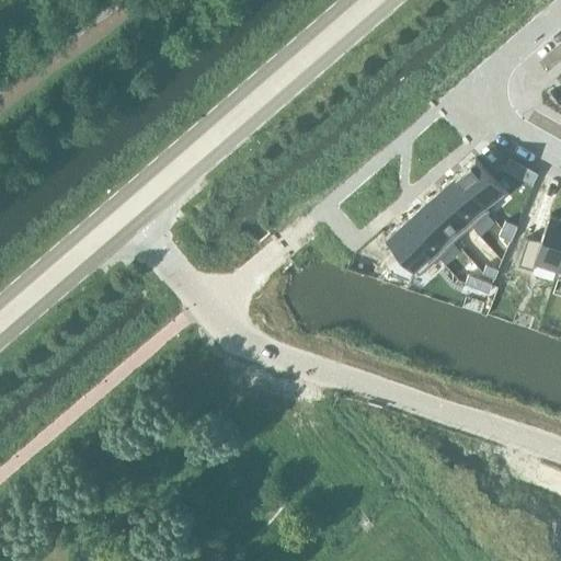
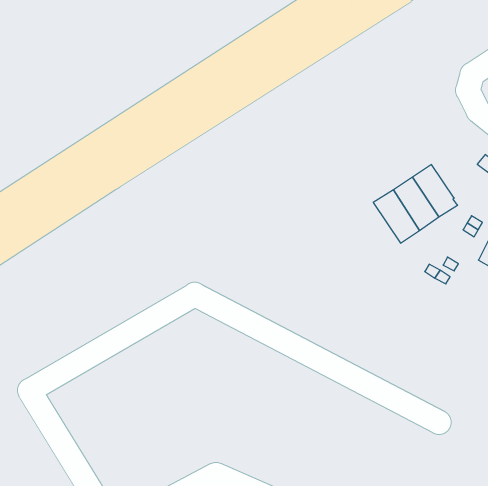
building: [459,160,504,207] -> none
building: [387,222,438,276] -> none

